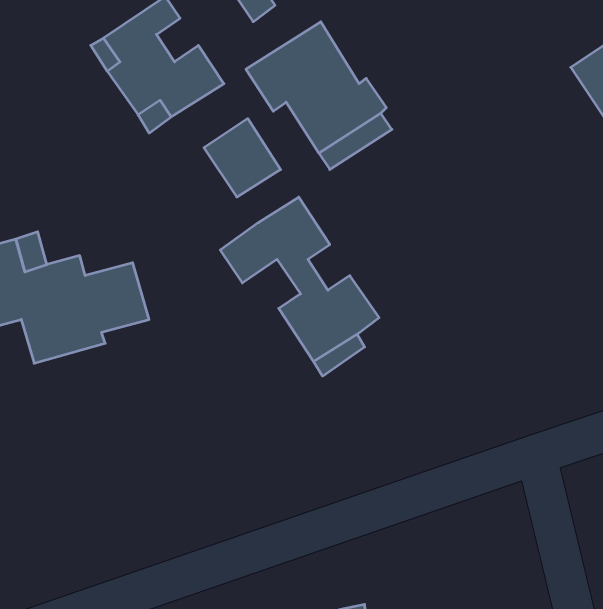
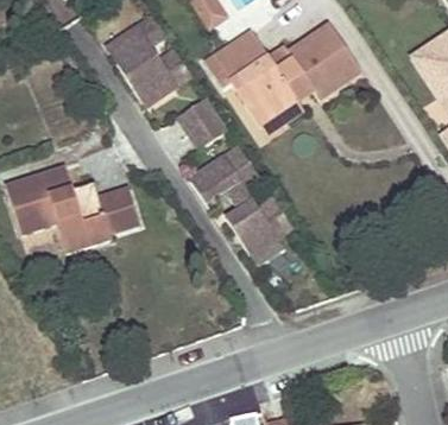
building: none -> [283,25,361,100]

